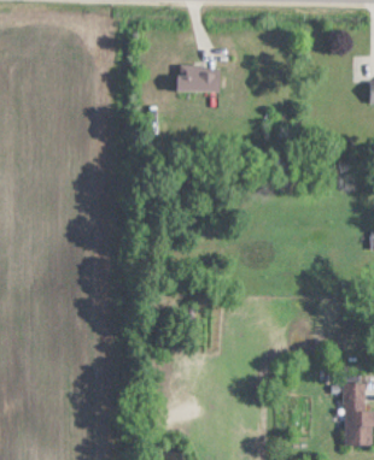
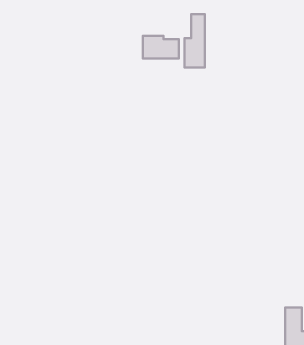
building: none -> [184,14,205,68]

